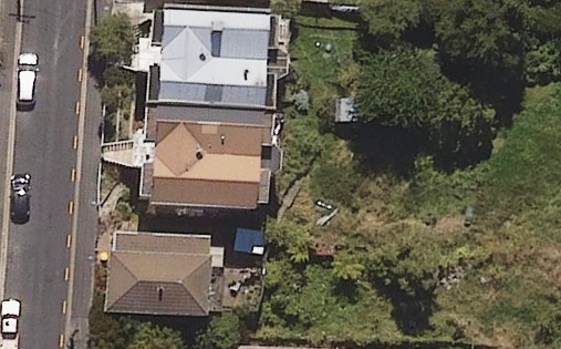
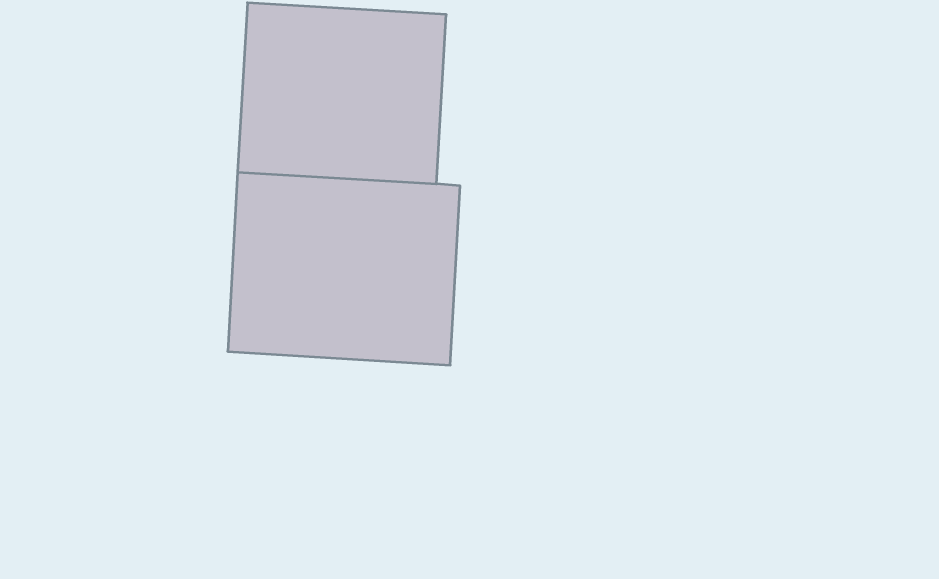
building: [105,233,212,318] -> none

